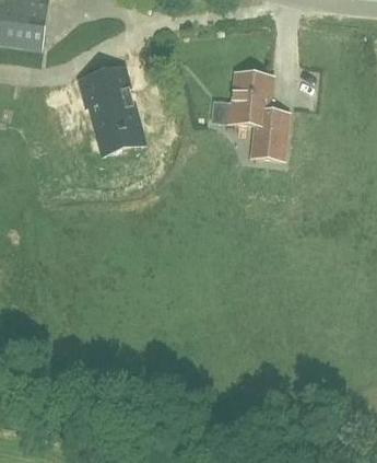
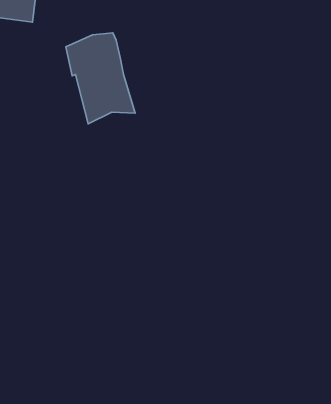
building: [231,72,287,160] -> none

